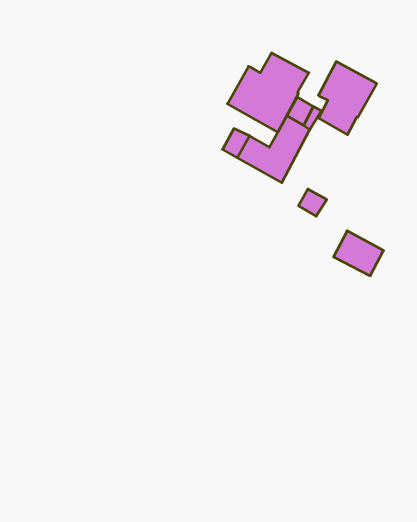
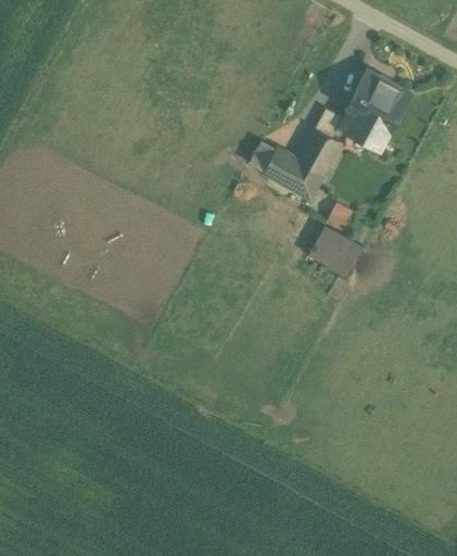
building: [227,53,309,132] -> none
building: [334,231,384,276] -> [309,226,361,273]

